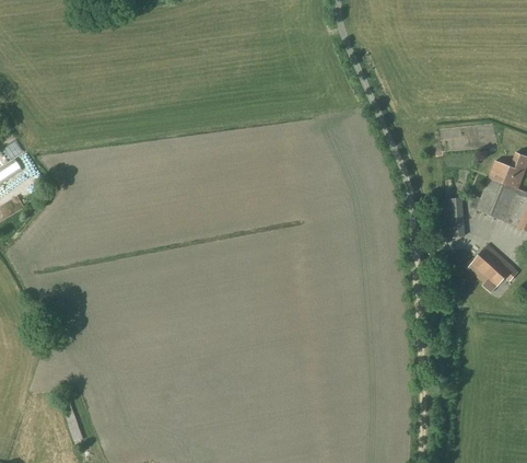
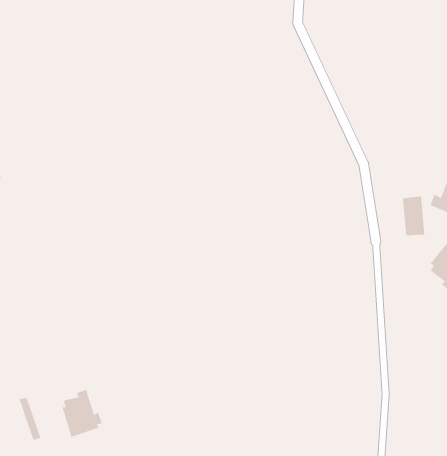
building: none -> [61,389,103,438]

